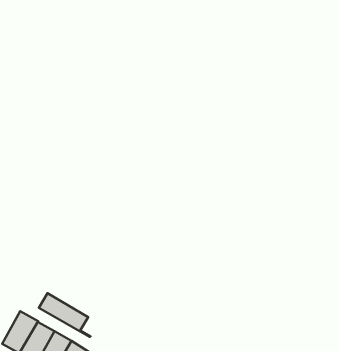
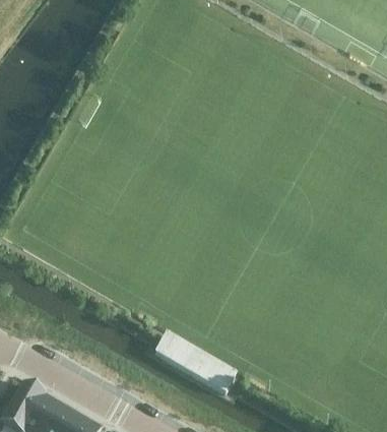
building: [39,293,90,337] -> none

